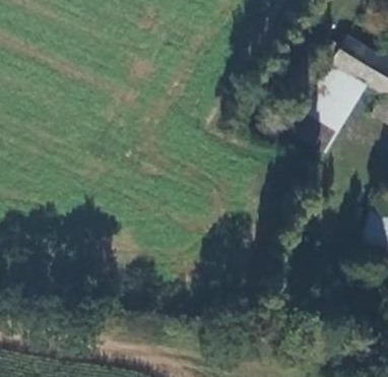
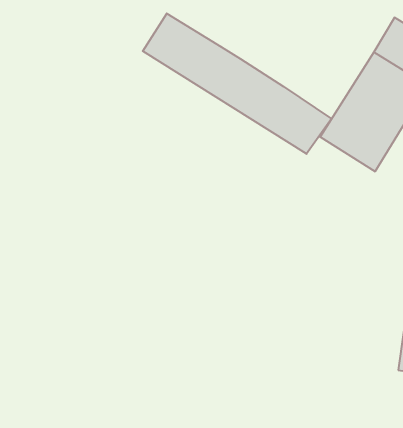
building: none -> [143,13,332,154]

